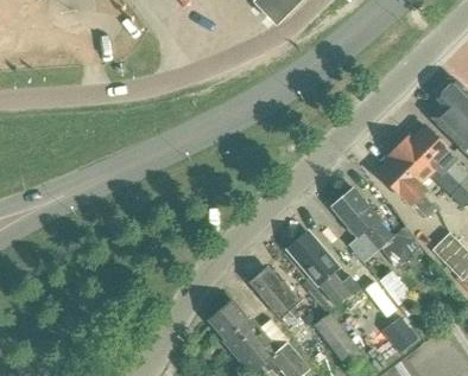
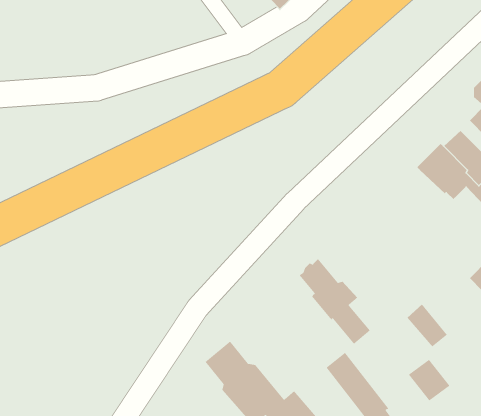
building: [378,159,436,217] -> none
building: [333,187,420,266] -> none
building: [251,268,301,326] -> none

